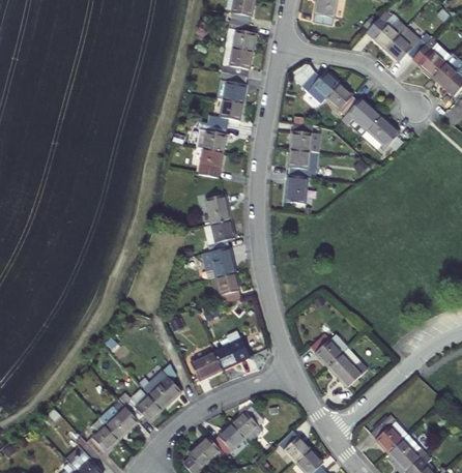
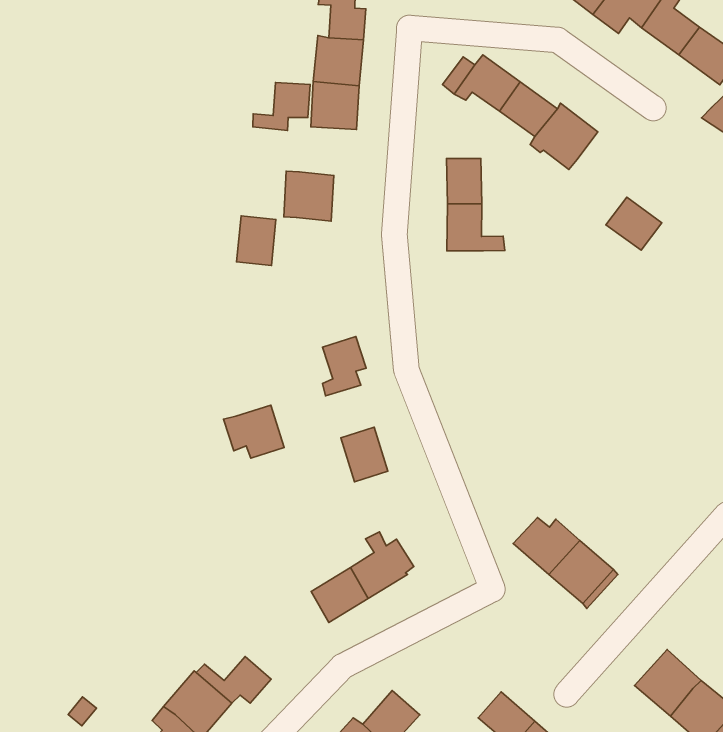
building: [208,97,243,125] -> [253,83,310,130]
building: [368,116,400,147] -> [606,197,662,250]
building: [199,147,224,177] -> [237,216,276,265]
building: [285,175,309,203] -> none
building: [205,194,231,223] -> none
building: [203,246,236,275] -> [223,405,284,458]
building: [149,376,182,409] -> none
building: [231,405,264,442] -> none

